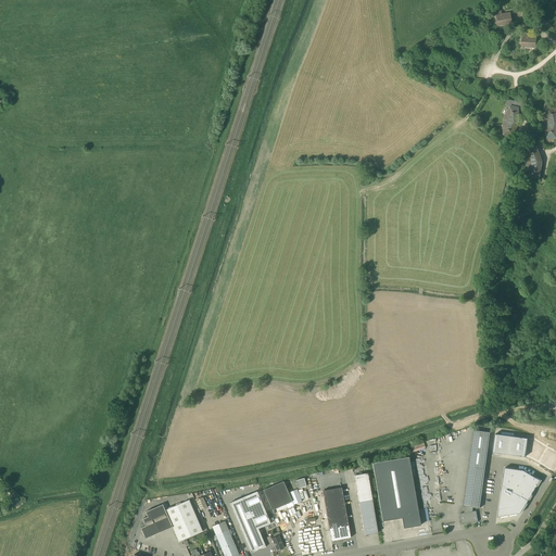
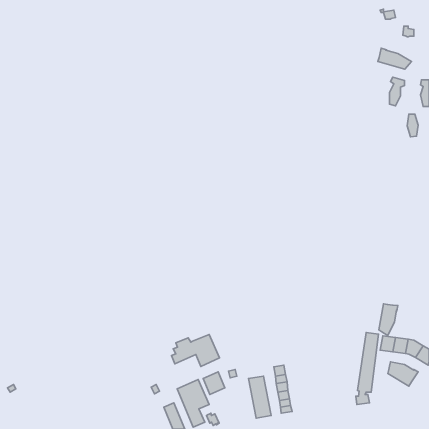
building: none -> [378,48,411,69]
building: none -> [379,304,398,336]
building: [372,456,420,528] -> none
building: [497,483,529,517] -> none
building: [140,501,202,542] -> [172,334,219,366]

